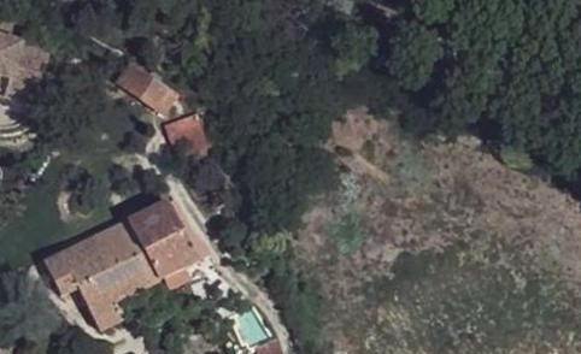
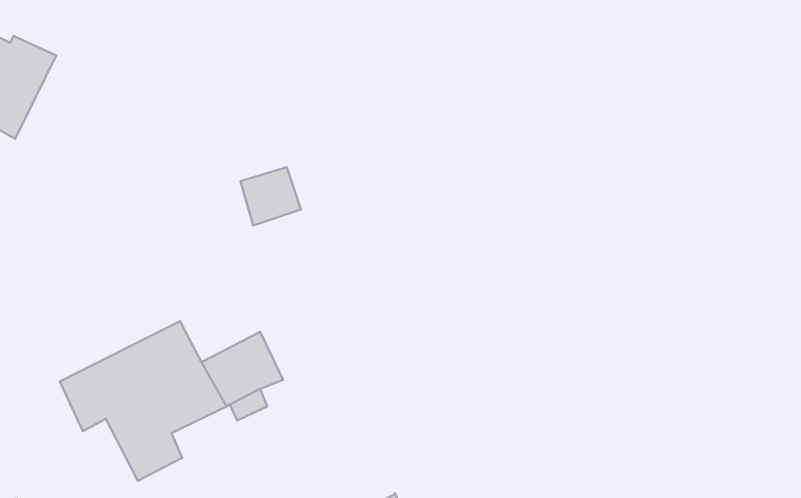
building: [116,59,177,111] -> none
building: [127,201,181,249] -> none

